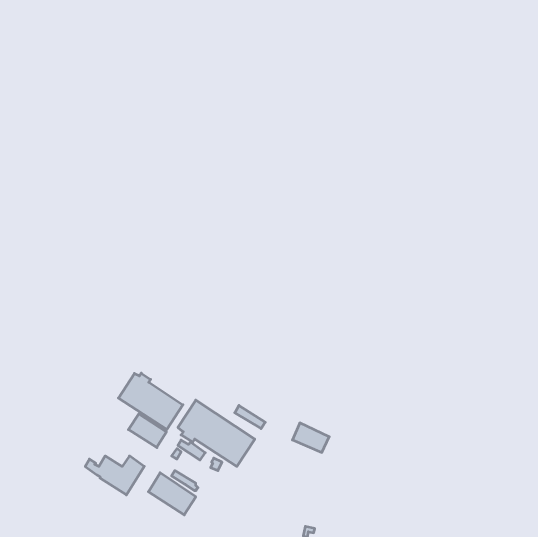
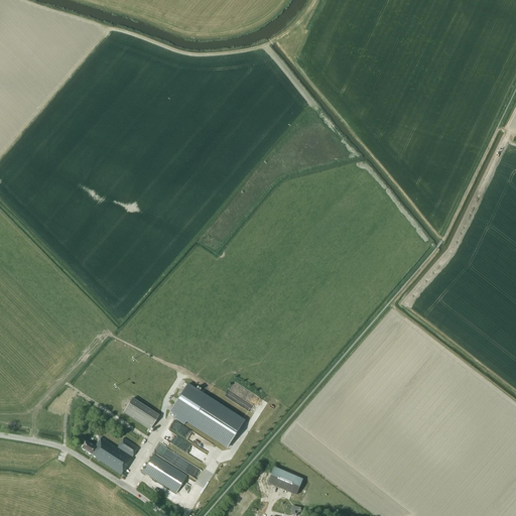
building: [118,373,183,429] -> none
building: [292,423,329,452] -> [267,466,302,494]

